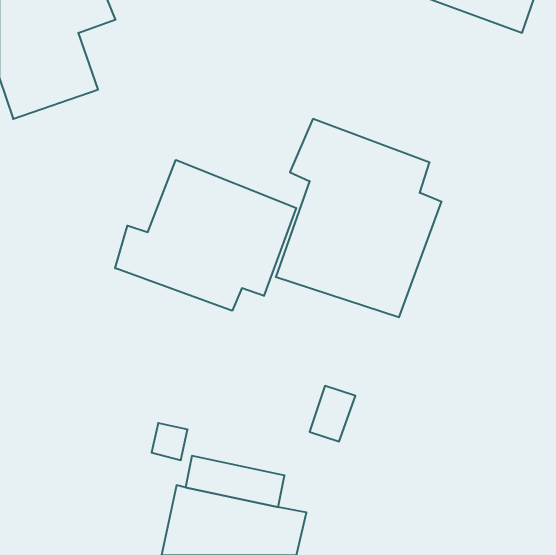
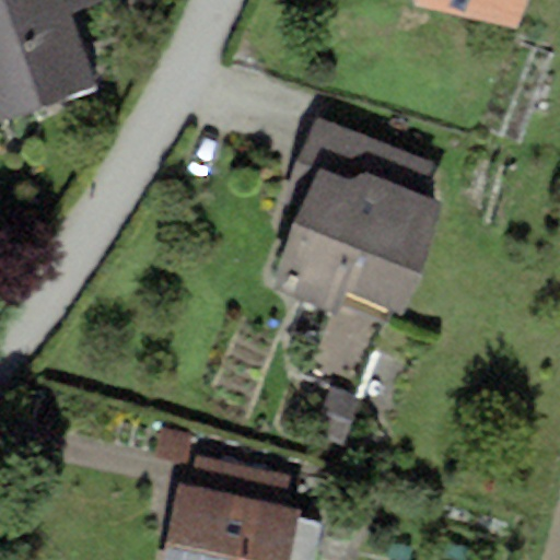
building: [115,160,296,311] -> none

